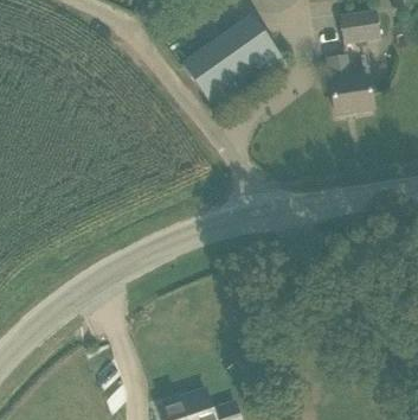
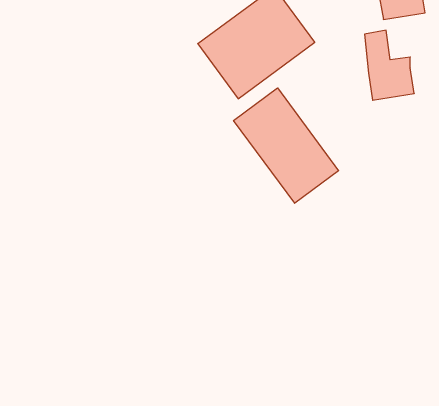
building: none -> [234,88,339,203]

